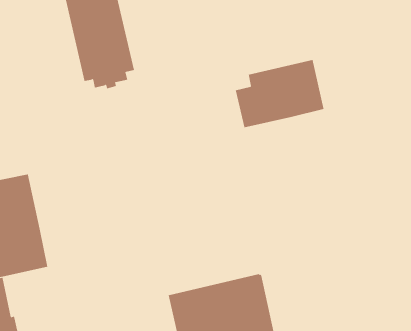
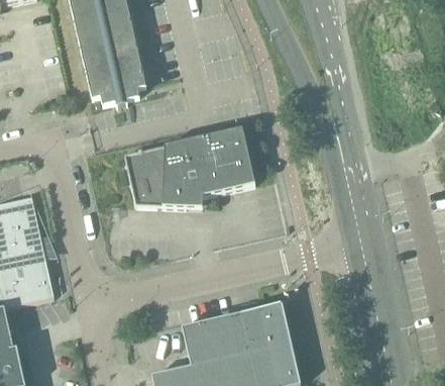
building: [235,59,324,128] -> none
building: none -> [124,127,255,206]

